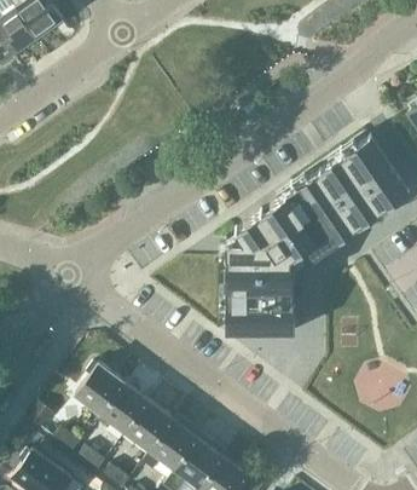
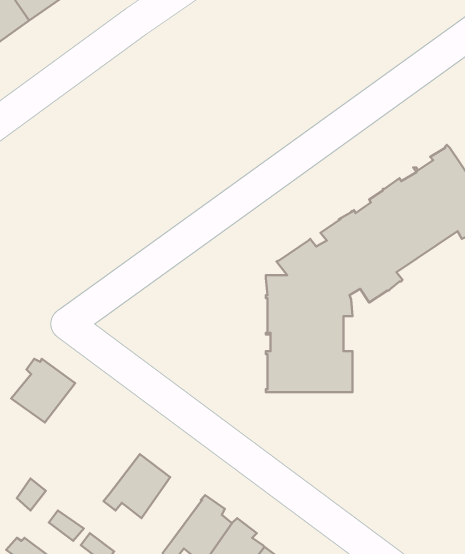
building: [75,364,126,415] -> [11,359,75,423]
building: [127,402,175,452] -> none

